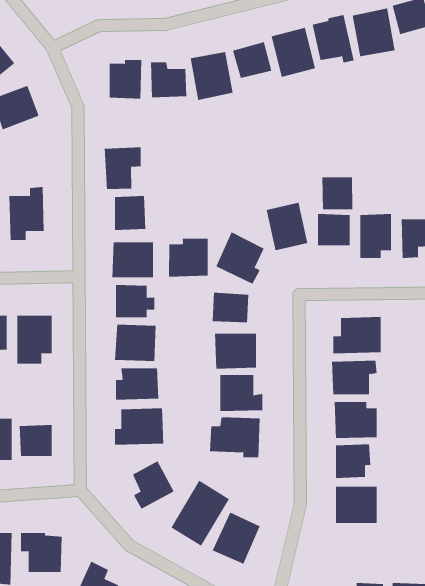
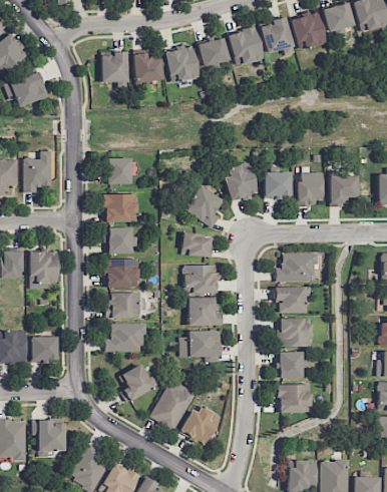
building: [104,147,141,190] -> none
building: [322,177,353,210] -> none
building: [169,238,208,278] -> none

